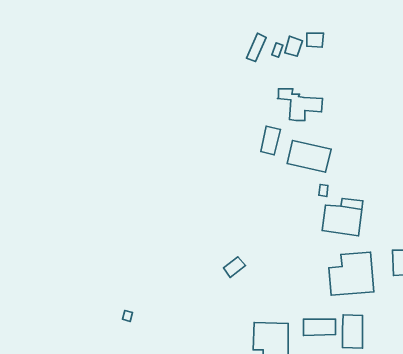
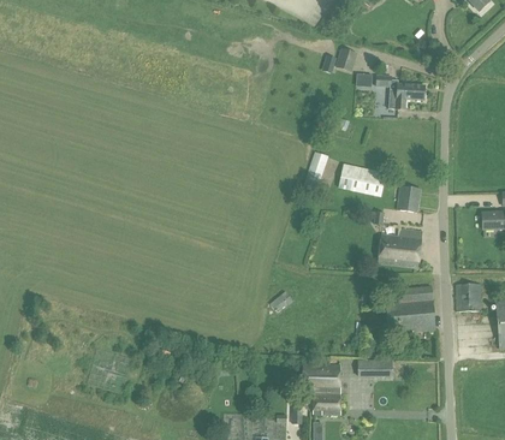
building: [278,89,323,121] -> [375,73,424,108]
building: none -> [397,184,421,210]
building: [342,315,363,348] -> none

